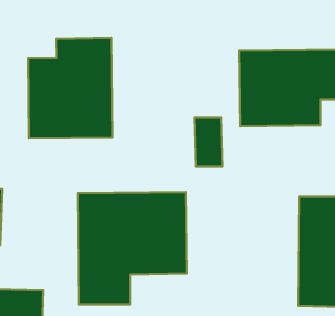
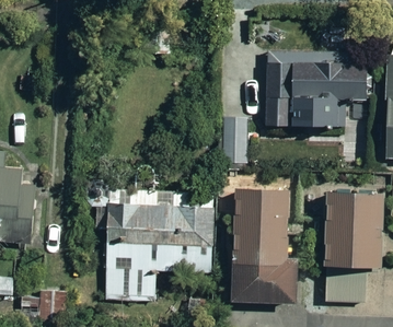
building: [28,38,113,138] -> none
building: none -> [232,189,294,302]

